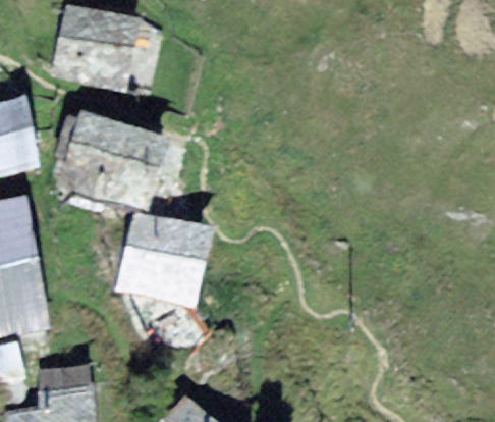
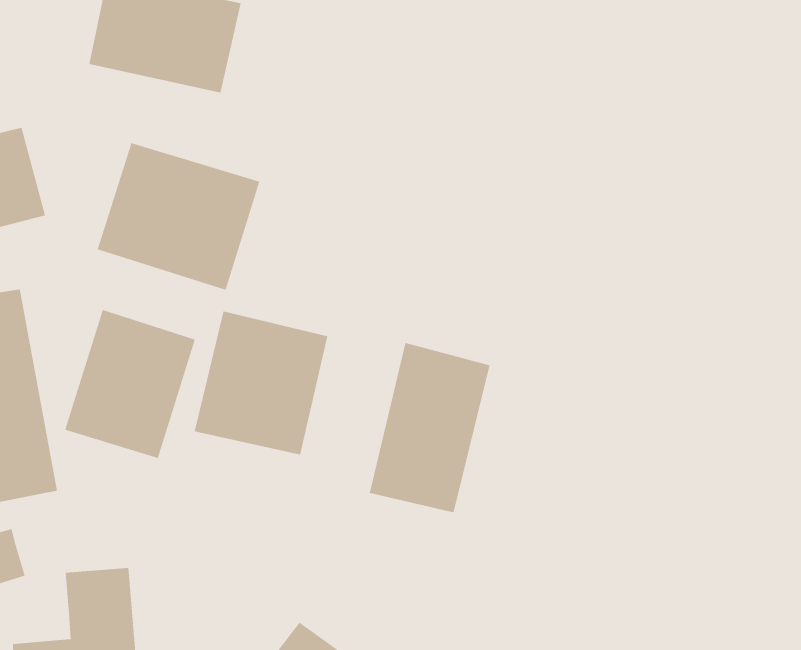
building: none -> [64,309,196,459]
building: none -> [369,342,490,513]

